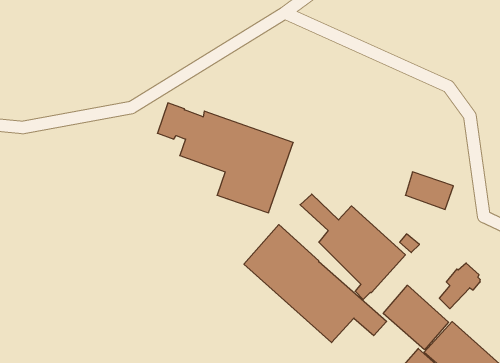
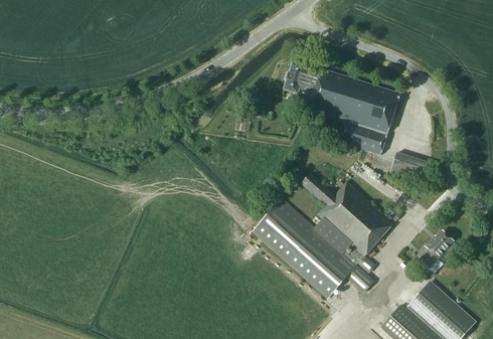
building: [157,103,293,213] -> [284,58,400,153]
building: [383,285,449,350] -> none

